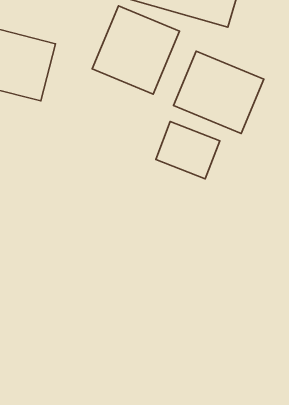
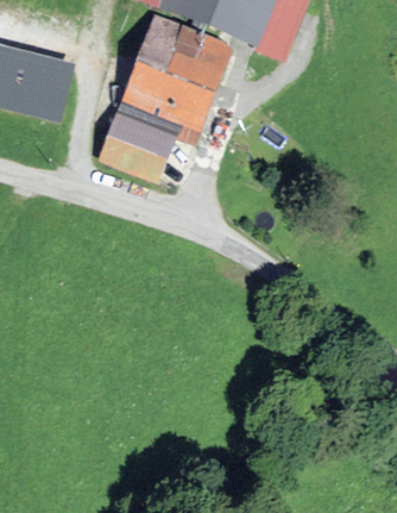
building: [173,51,264,134] -> none
building: [156,122,220,179] -> [108,100,187,170]

